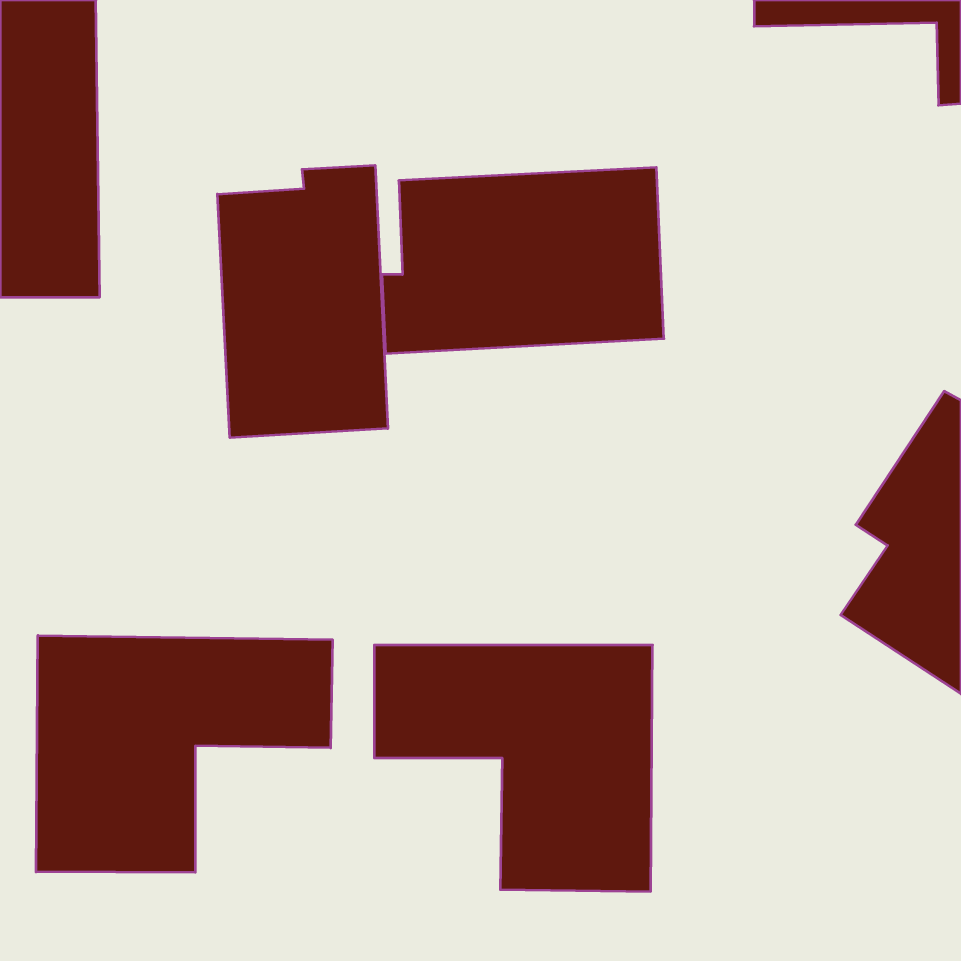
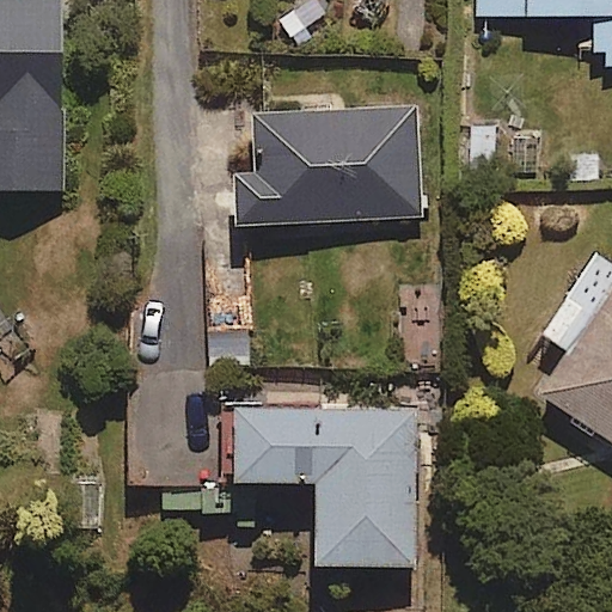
building: [217,165,388,438] -> none
building: [36,635,332,872] -> none

